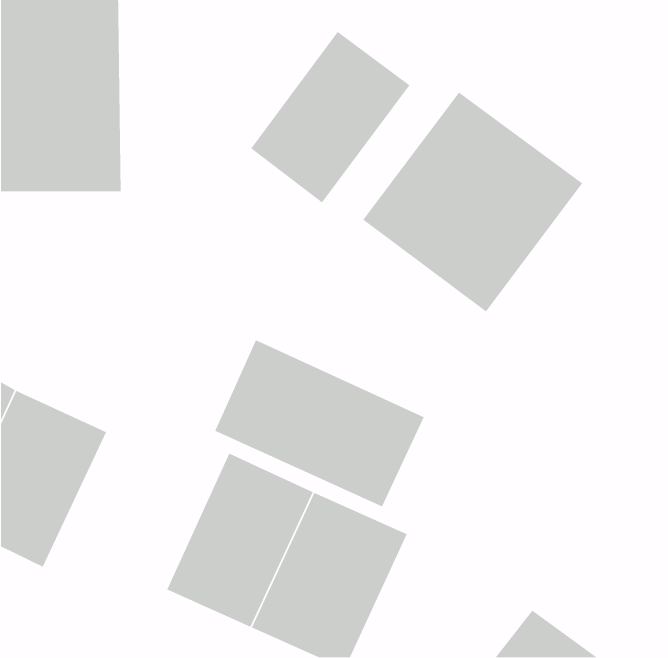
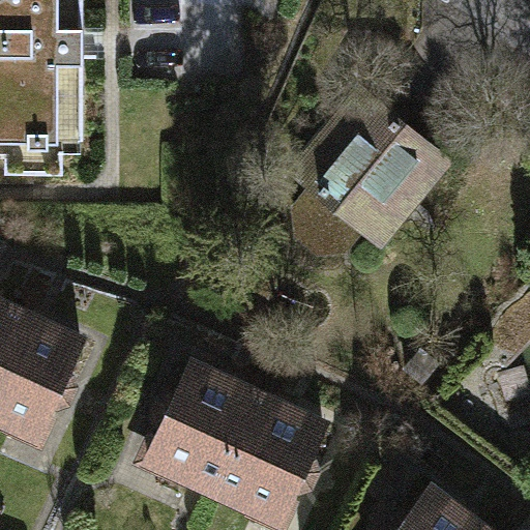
building: [250,31,411,203] -> none
building: [214,339,425,507] -> none

